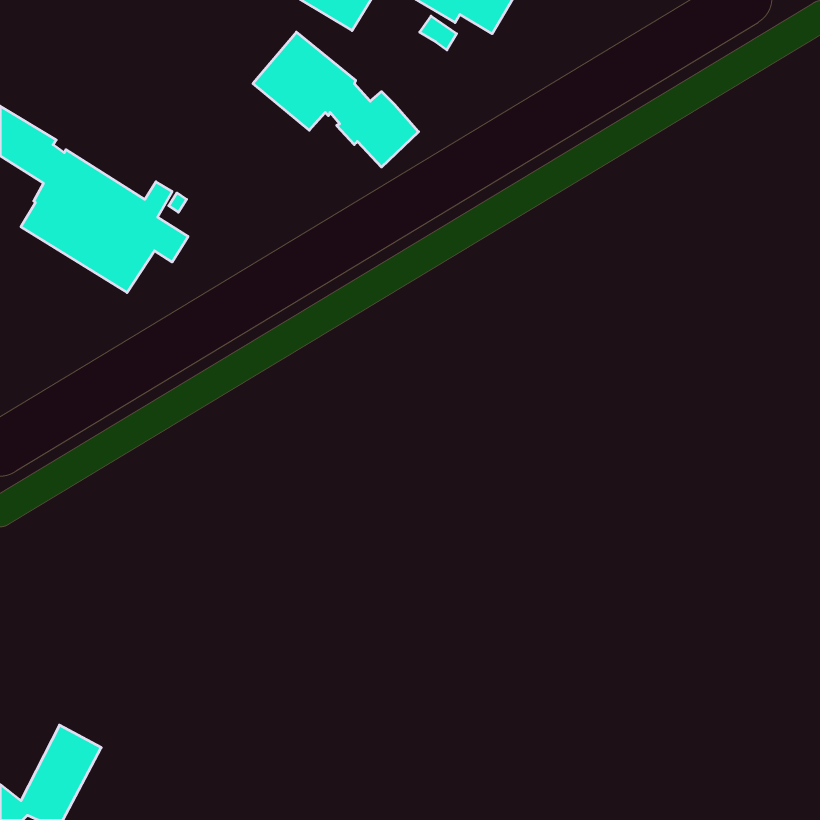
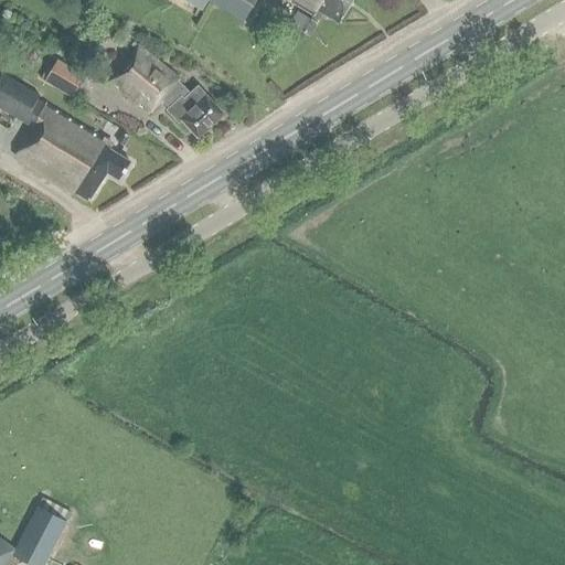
building: [253,32,419,167] -> [109,45,223,138]
building: none -> [40,58,85,97]

